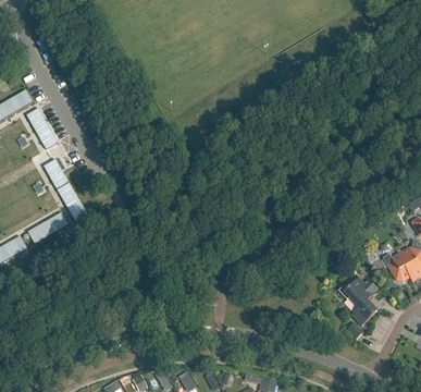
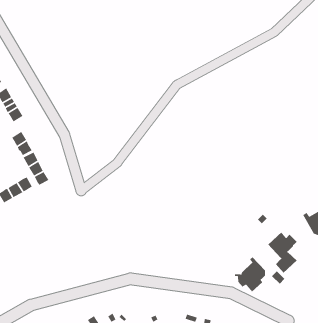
building: none -> [234,256,266,292]

